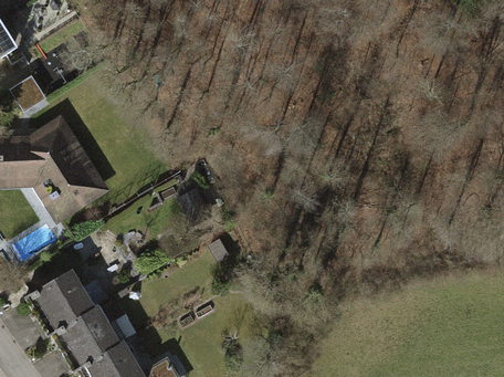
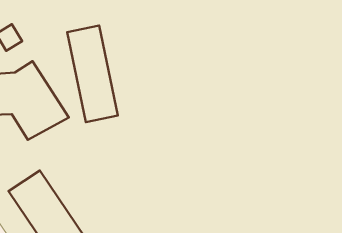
building: none -> [67,25,118,122]

